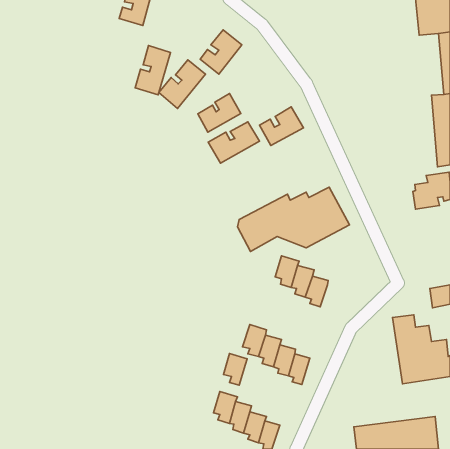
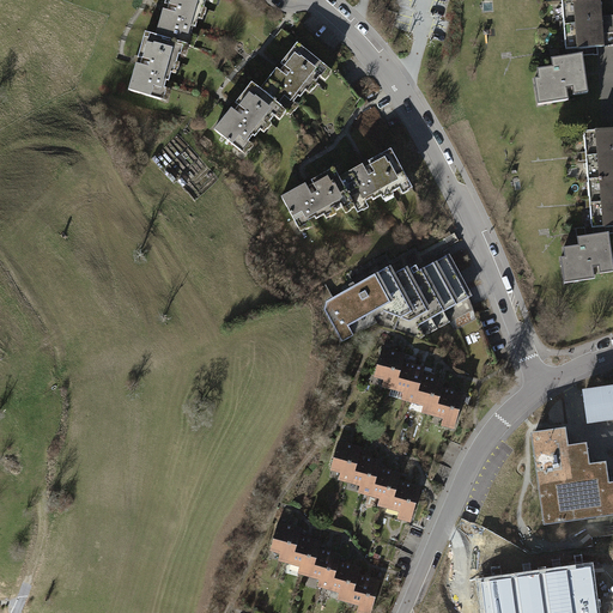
building: none -> [534,54,589,104]
building: [135,45,171,95] -> [129,30,177,97]
building: [198,93,241,132] -> none
building: none -> [435,387,463,429]
building: [223,353,247,385] -> [268,517,301,560]

